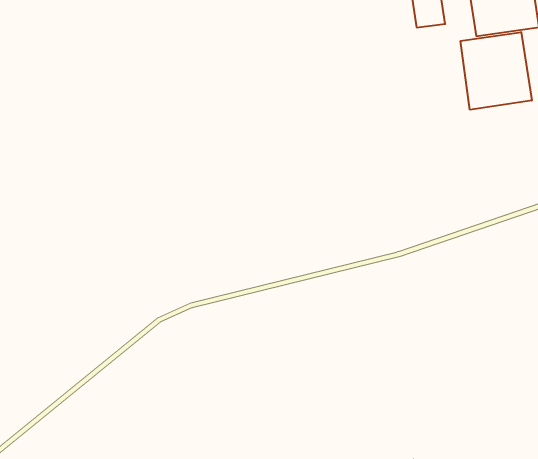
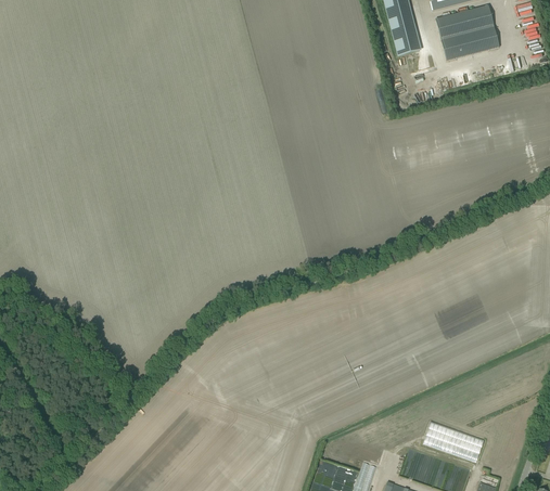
building: [461,32,532,110] -> none

